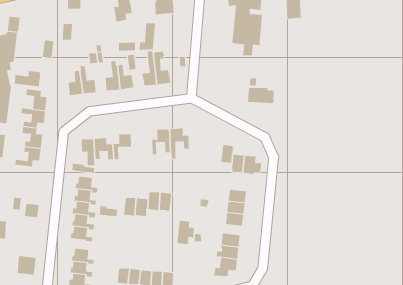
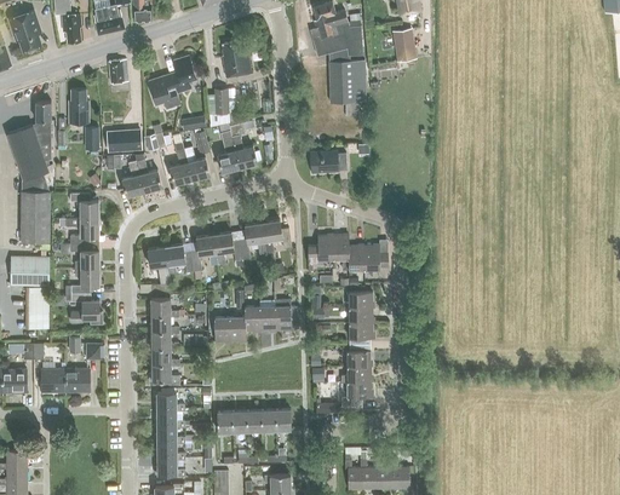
building: none -> [148,73,179,108]
building: none -> [69,88,88,122]
building: [14,71,41,87] -> [108,129,142,149]
building: [247,87,275,104] -> [310,150,346,172]
building: none -> [213,231,243,266]
building: none -> [308,235,333,274]
building: none -> [65,293,102,324]
building: [176,220,195,245] -> [275,299,297,329]
building: [17,256,36,275] -> [64,368,88,391]

